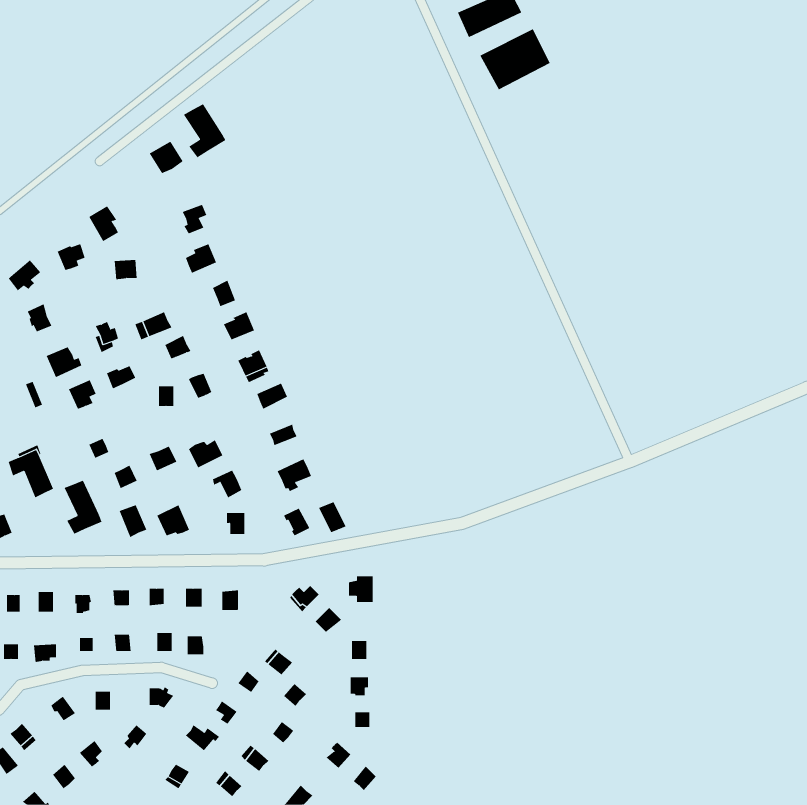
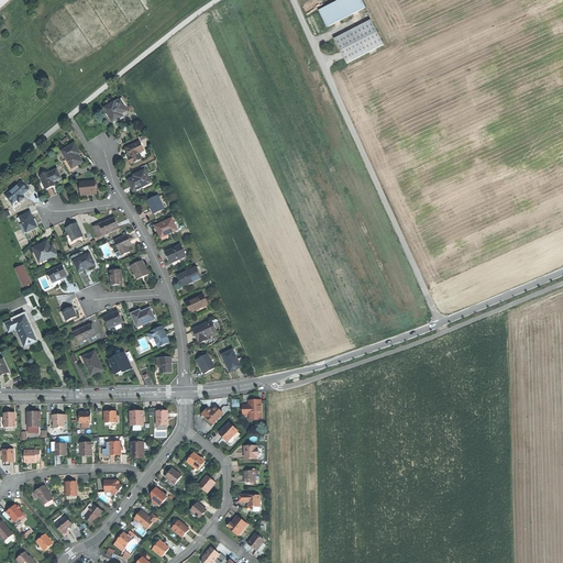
building: [183,103,226,158] -> none
building: [64,480,102,534] -> none

